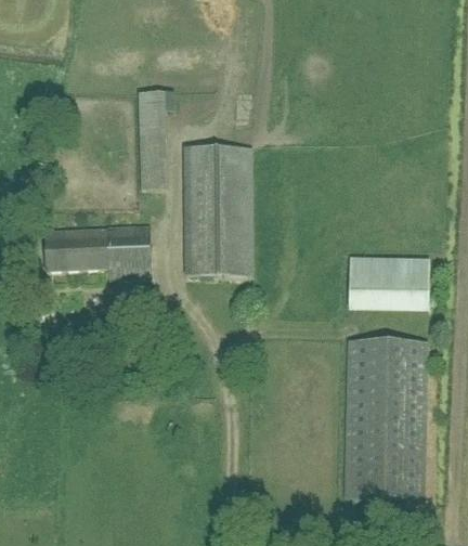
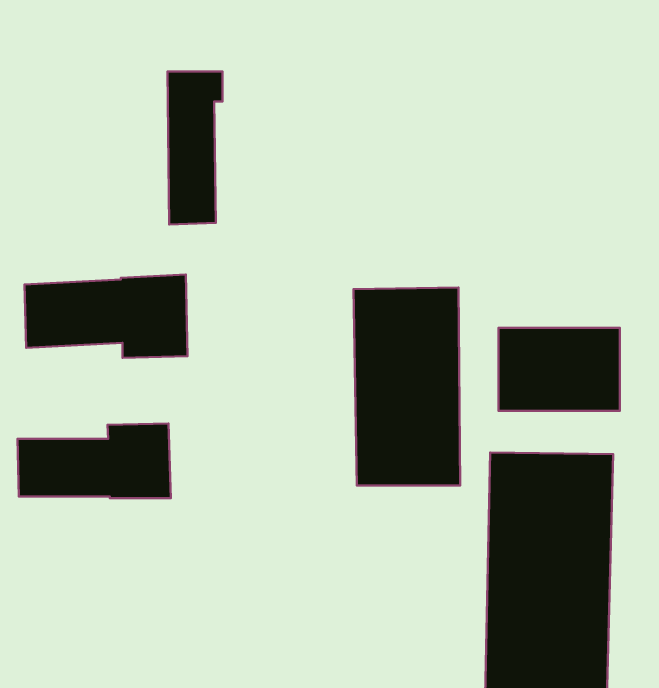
building: [183,145,252,274] -> [354,287,460,485]
building: none -> [18,423,171,498]

